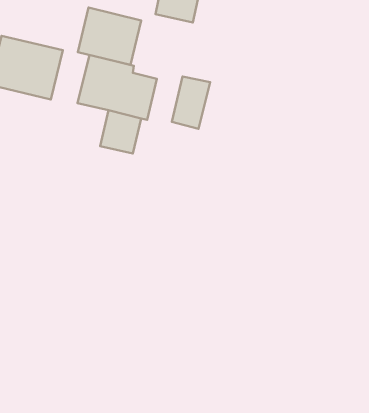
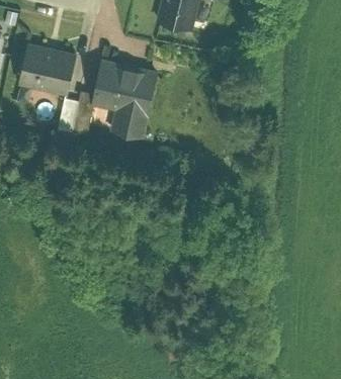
building: [78,7,141,65] -> none
building: [172,77,210,129] -> none

